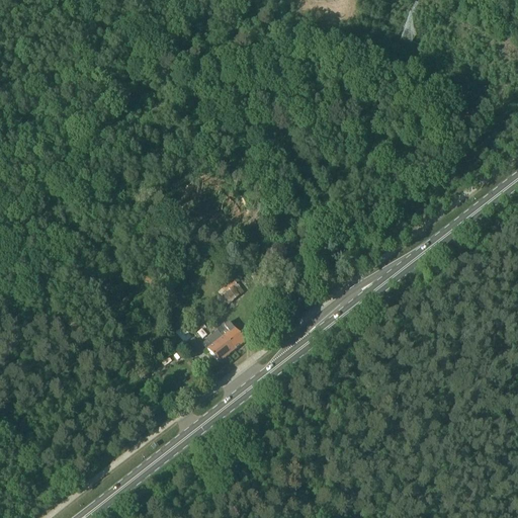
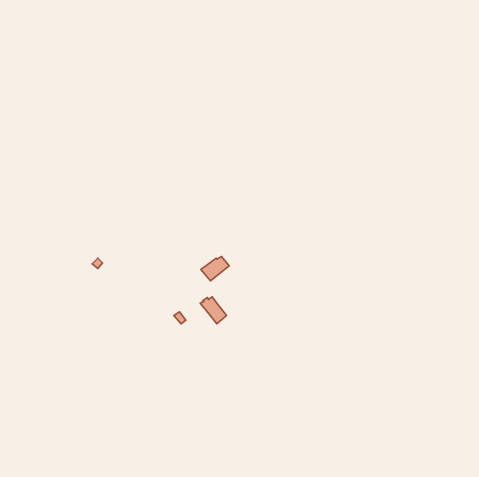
building: [202,333,234,361] -> none

